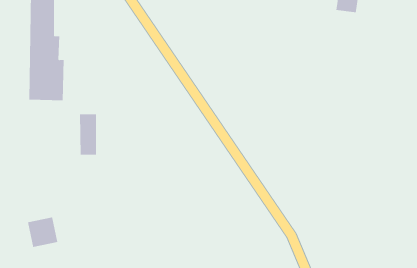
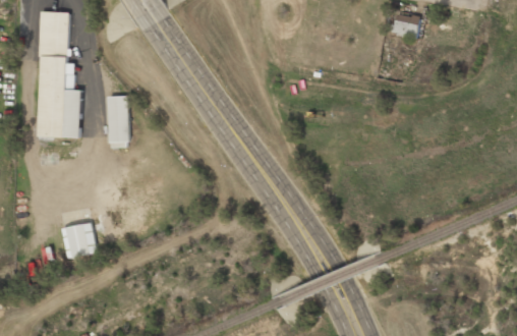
building: [79,114,97,155] -> [108,98,128,146]
building: [27,217,58,248] -> [62,223,98,259]

